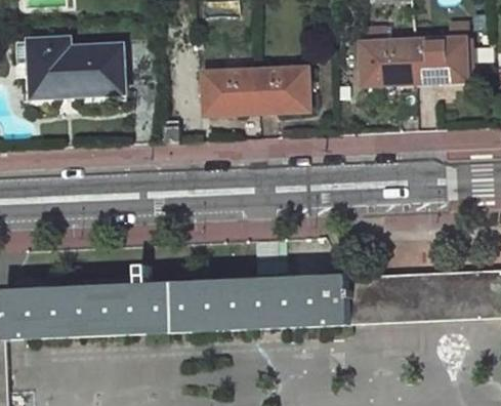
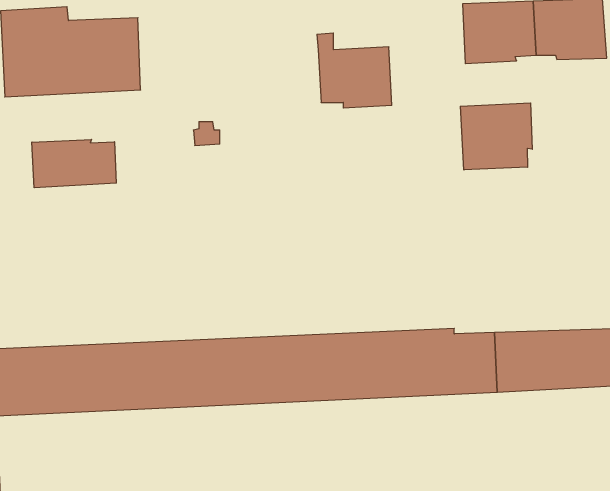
building: [199,70,253,116] -> none
building: none -> [460,103,532,170]
building: none -> [32,139,116,188]

